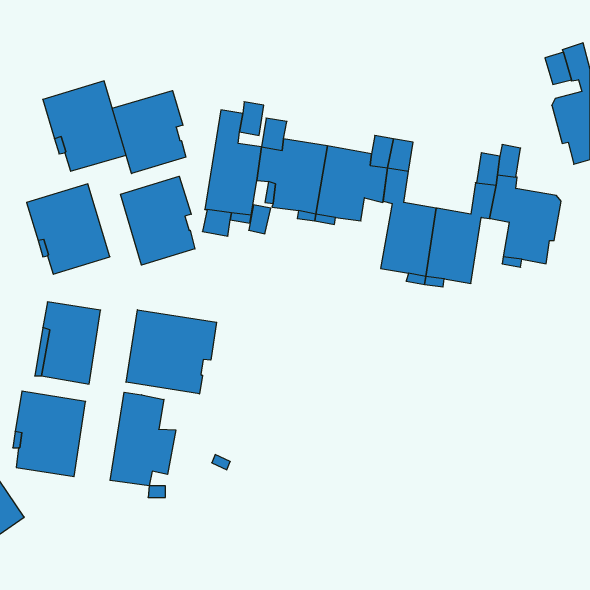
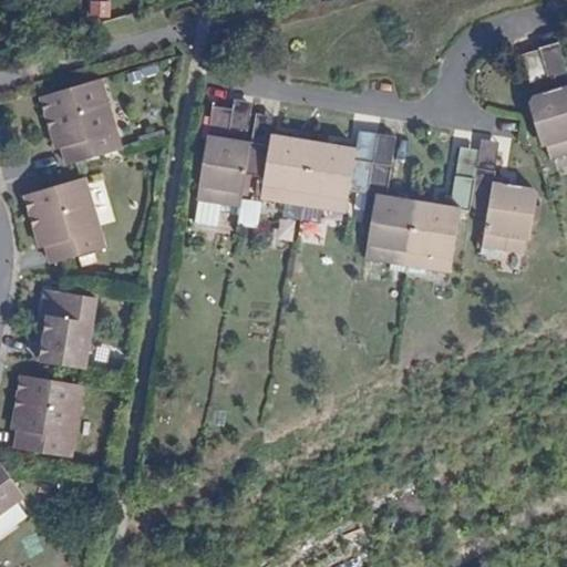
building: [112,91,186,174] -> none
building: [121,176,195,265] -> none
building: [126,310,217,394] -> none
building: [110,392,176,486] -> none

